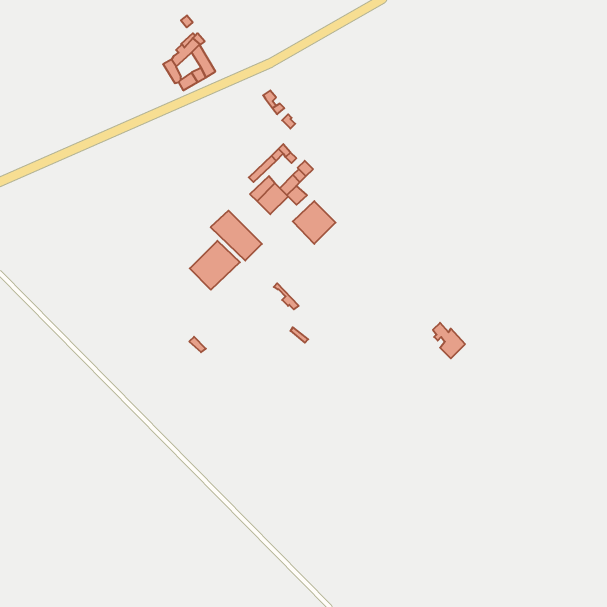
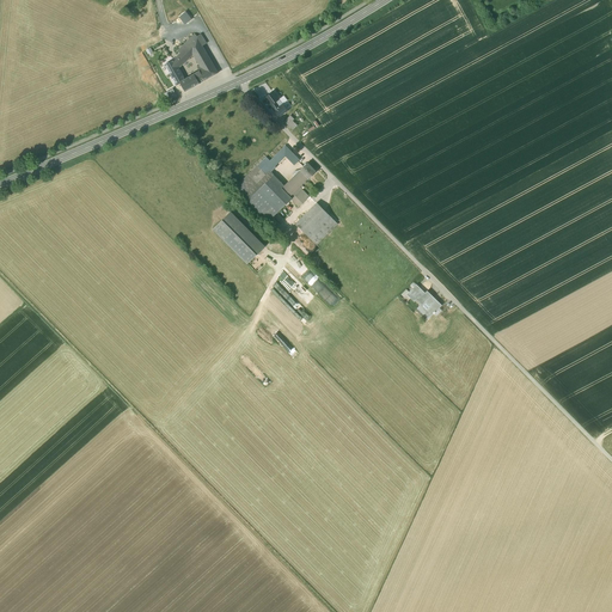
building: [190,241,240,290] -> none
building: [433,323,465,358] -> [408,283,440,319]

